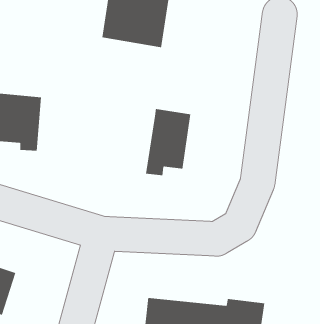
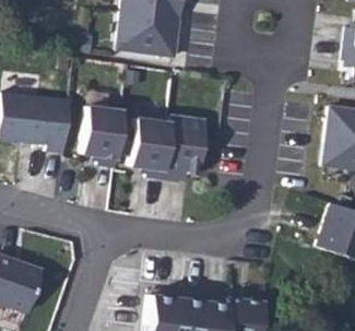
building: none -> [72,99,115,161]
building: none -> [122,114,164,175]

